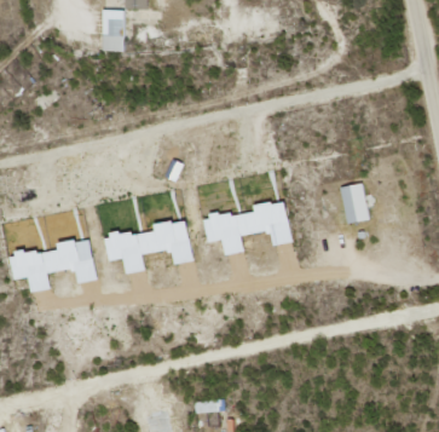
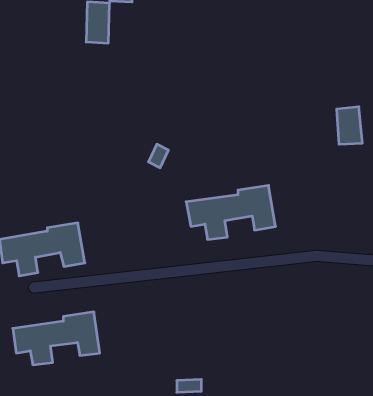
building: [342,184,369,223] -> [337,107,362,144]
building: [105,219,195,273] -> [13,312,100,365]

